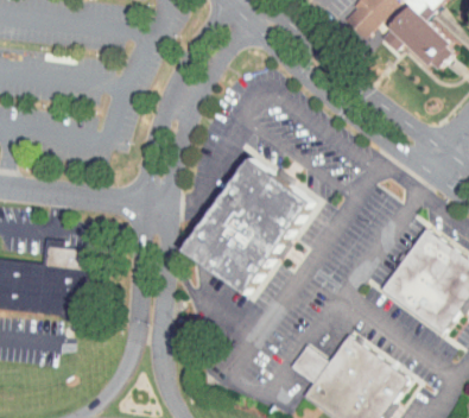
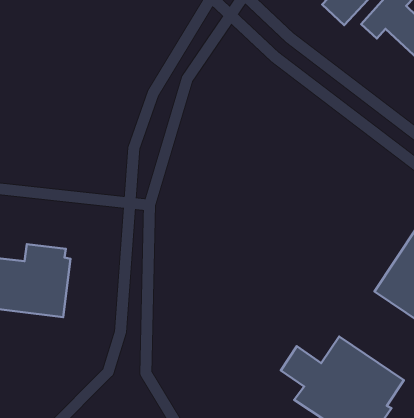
building: [189,156,315,292] -> none

